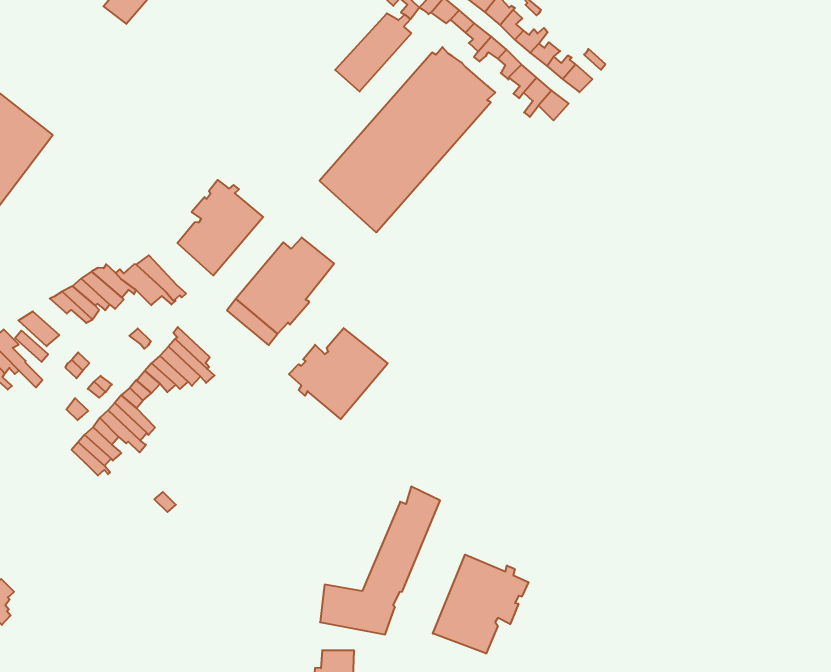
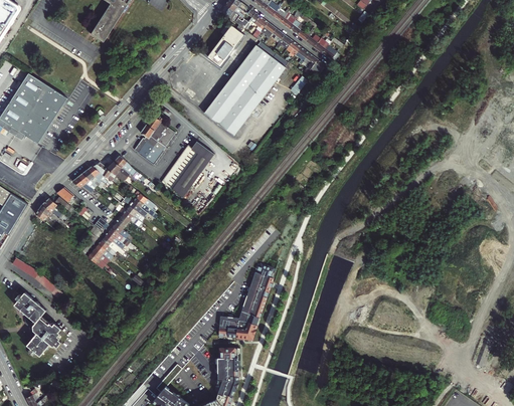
building: [289,328,388,419] -> none
building: [433,555,529,654] -> none

